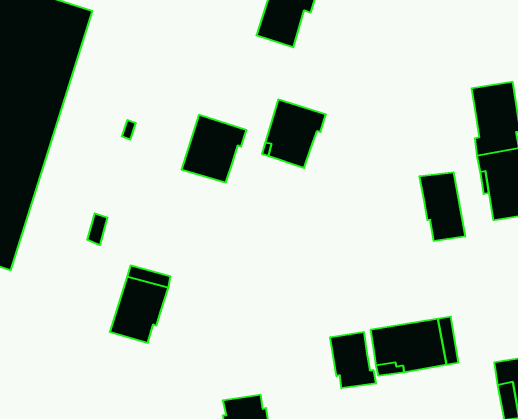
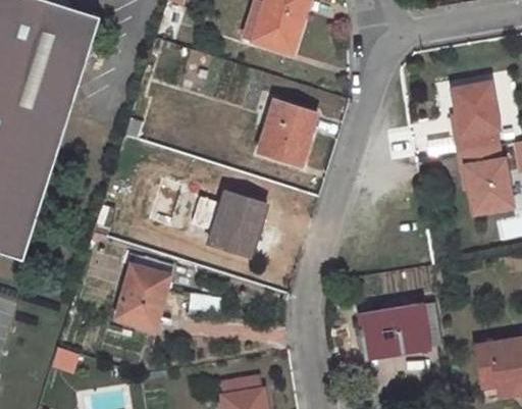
building: [181,115,247,182] -> [207,192,268,255]
building: [420,172,465,241] -> none
building: [330,332,376,388] -> none

